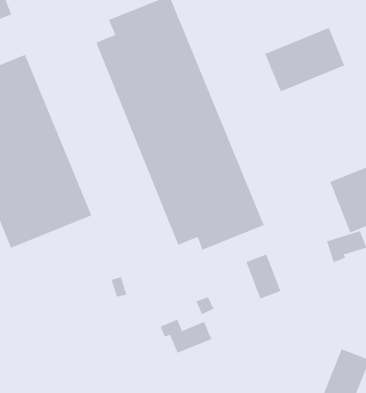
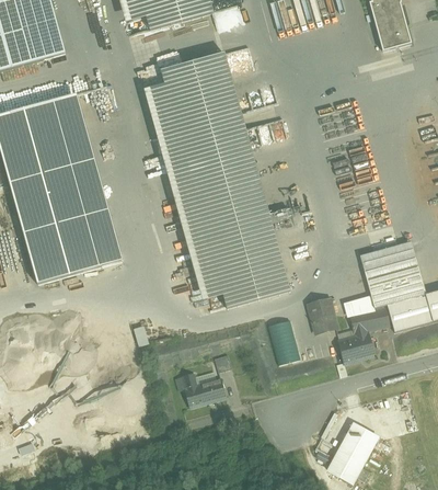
building: [265,27,345,92] -> none
building: none -> [309,297,337,333]
building: none -> [338,332,374,363]

